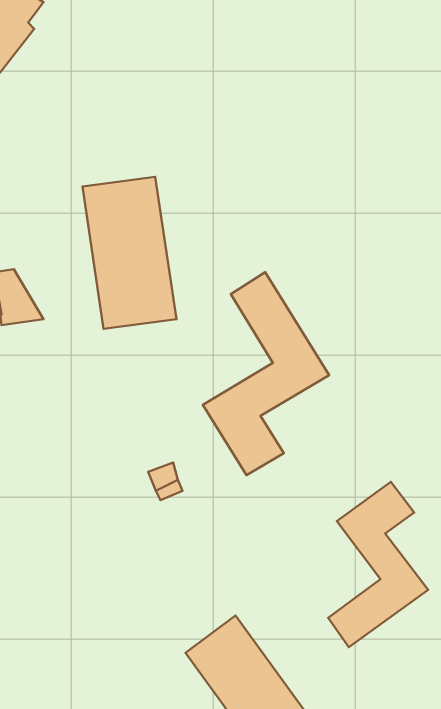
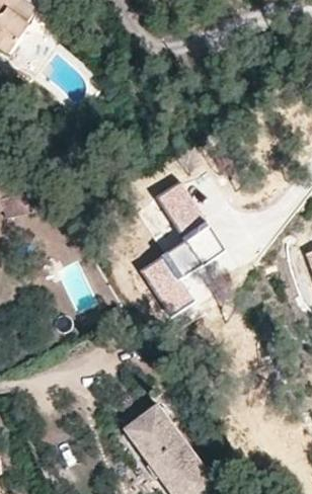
building: [83,177,176,329] -> none
building: [328,482,428,647] -> none

